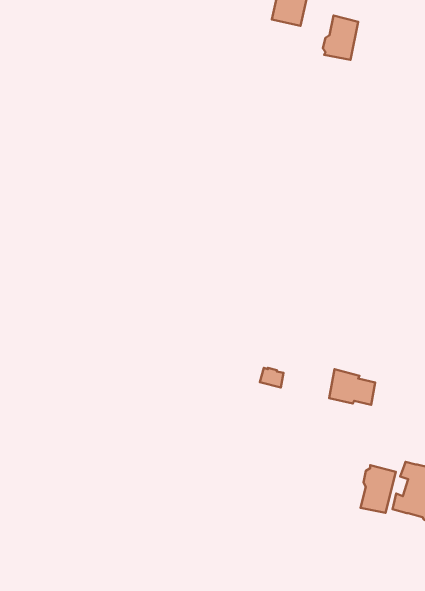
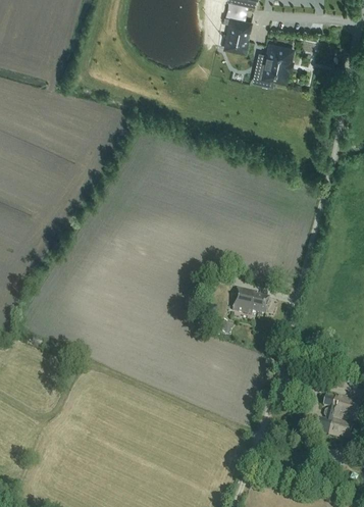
building: [329,369,375,405] -> [232,285,268,312]
building: [360,465,396,513] -> none

